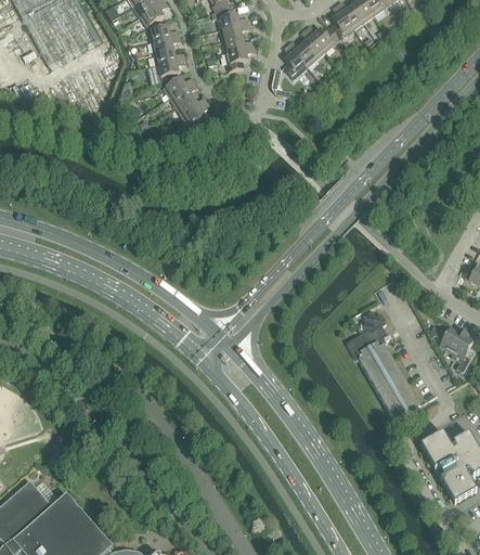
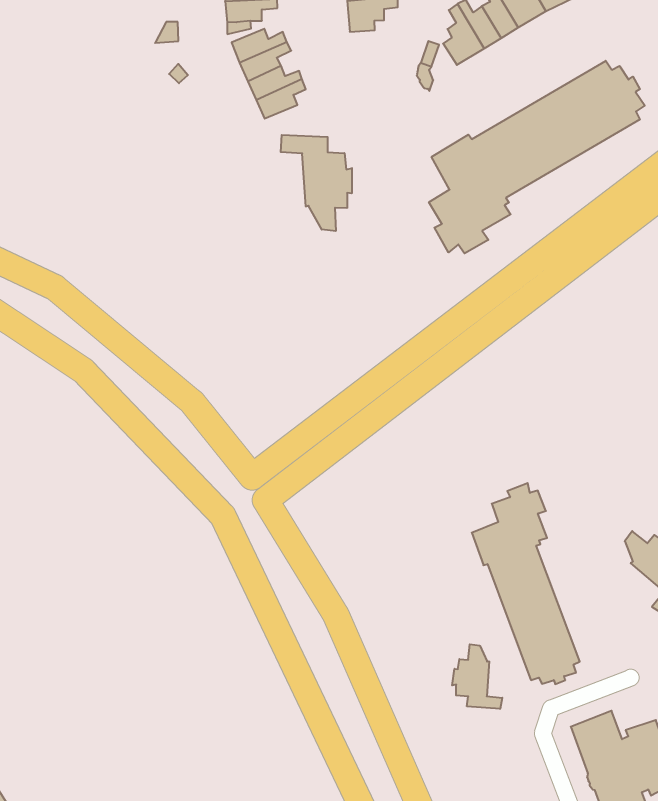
building: none -> [429,61,645,253]
building: none -> [281,135,352,231]
building: none -> [452,644,502,709]

